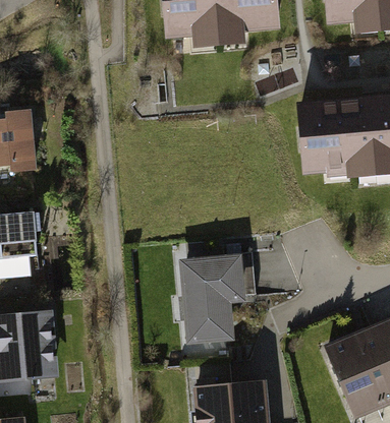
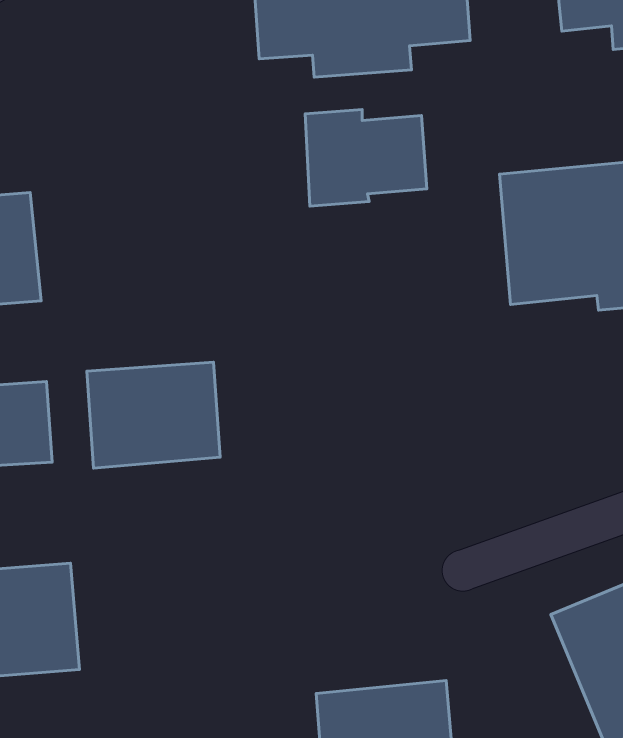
building: none -> [305,109,427,206]
building: none -> [87,362,220,468]
building: [177,254,243,343] -> none

